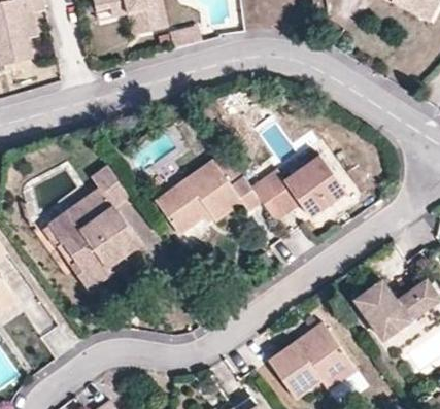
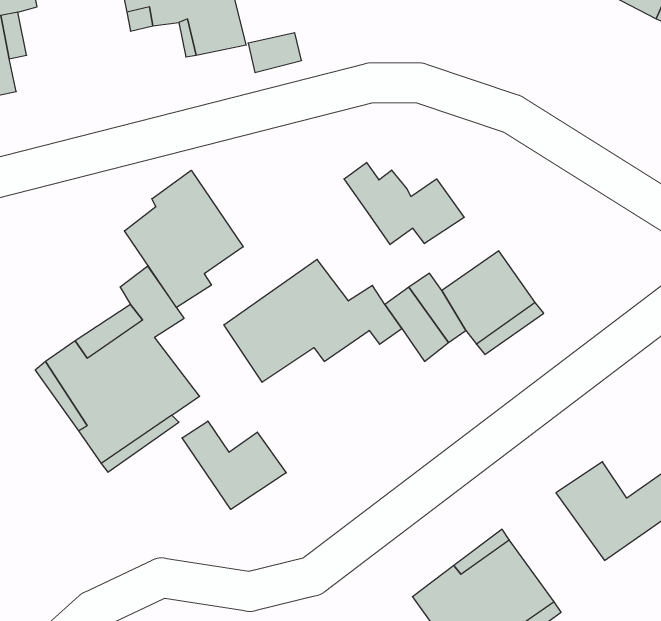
building: none -> [344,162,464,245]
building: none -> [124,170,243,308]
building: none -> [182,421,286,509]

